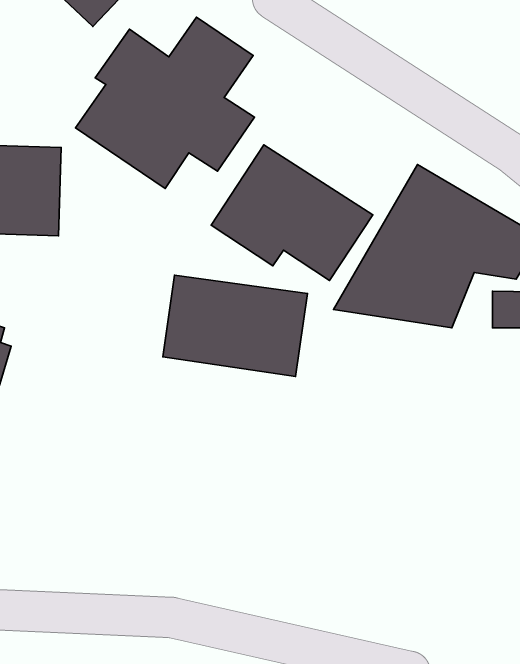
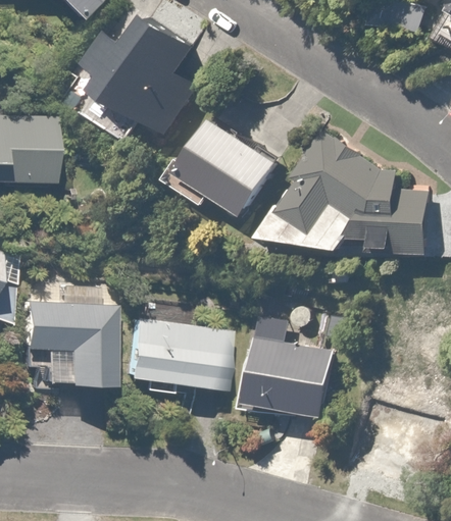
building: [163,275,307,377] -> [112,315,224,394]
building: none -> [16,285,106,386]
building: none -> [239,334,338,415]

